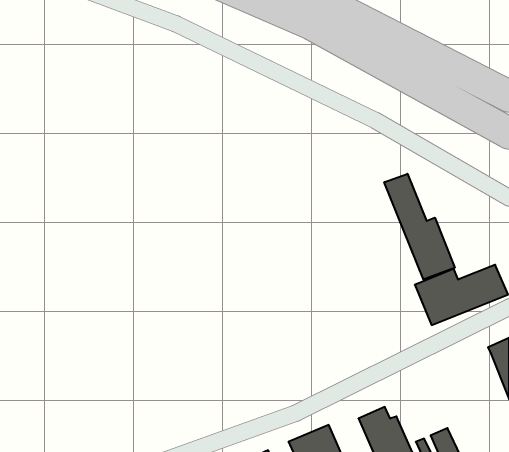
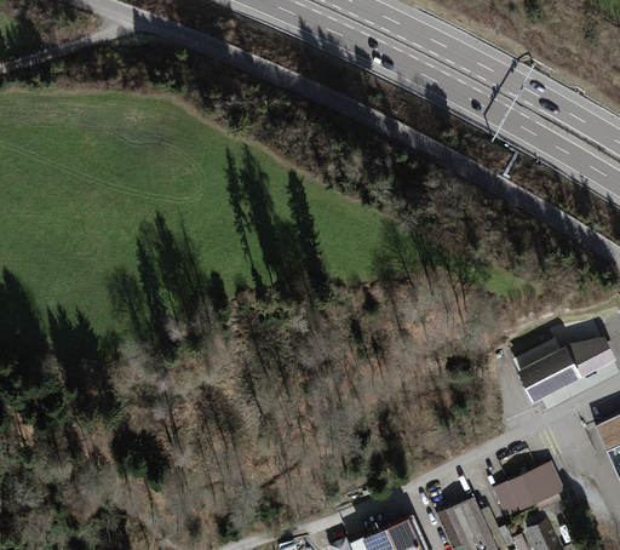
building: [384,174,455,279] -> none
building: none -> [492,460,567,516]

